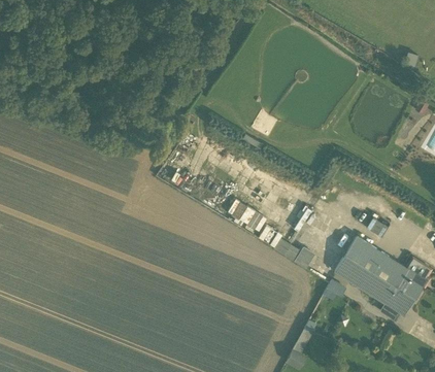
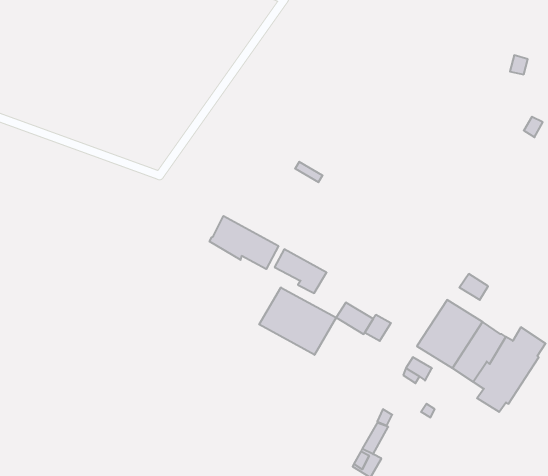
building: none -> [210,216,278,269]
building: none -> [259,287,336,355]

